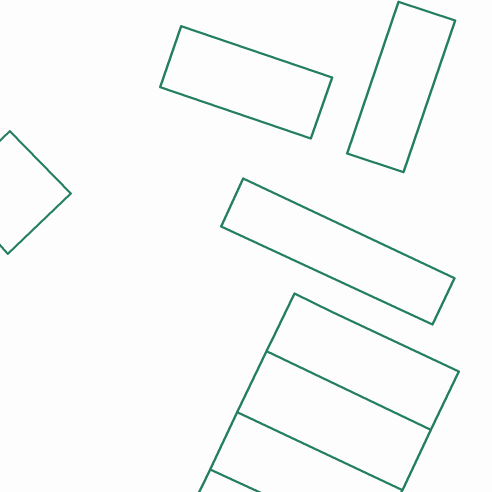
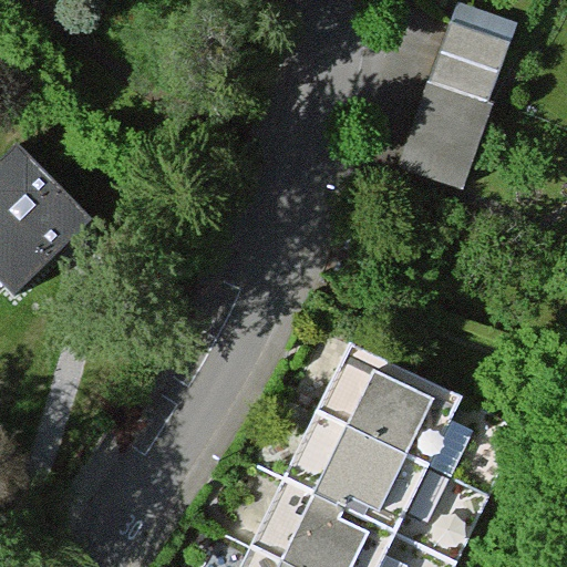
building: [160,26,332,138] -> none
building: [221,179,455,325] -> none

